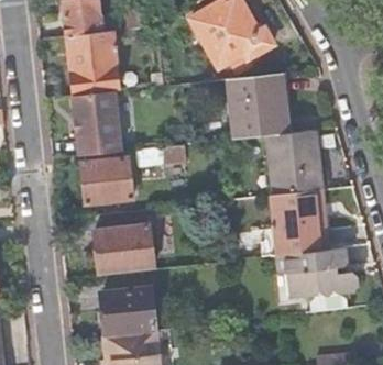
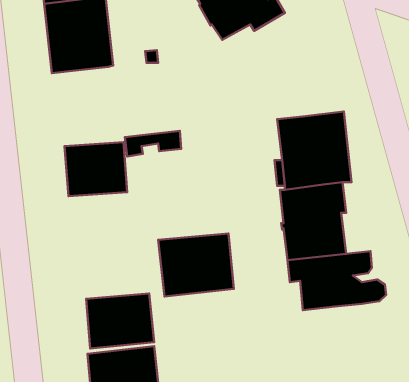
building: [228,74,287,139] -> none
building: [72,90,125,156] -> none
building: [94,222,158,276] -> [158,234,234,296]

